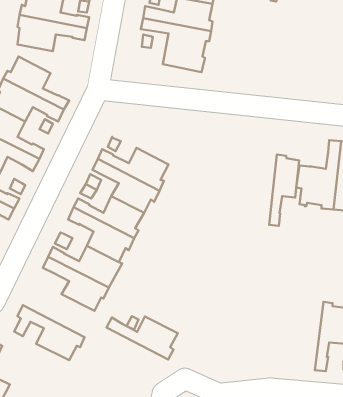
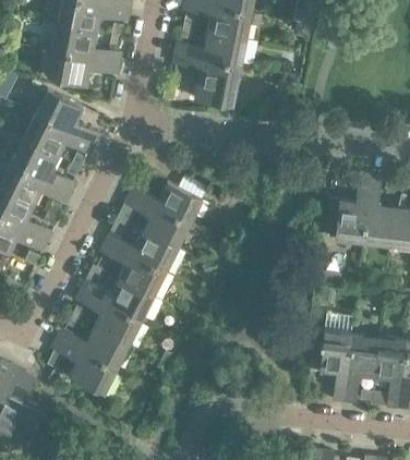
building: [269,155,299,226] -> none
building: none -> [310,330,353,402]
building: [106,317,178,359] -> [56,327,126,370]

